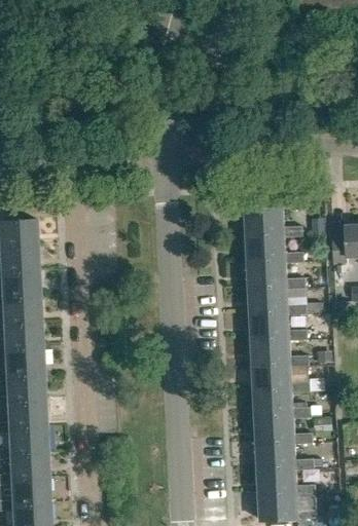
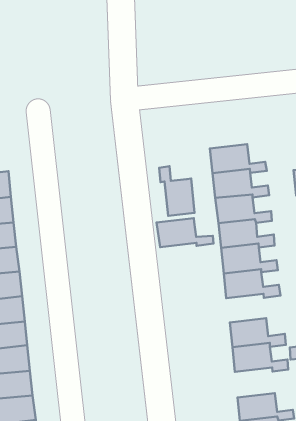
building: none -> [159,166,194,216]
building: [253,363,311,391] -> [157,218,213,247]
building: [257,440,315,469] -> none

